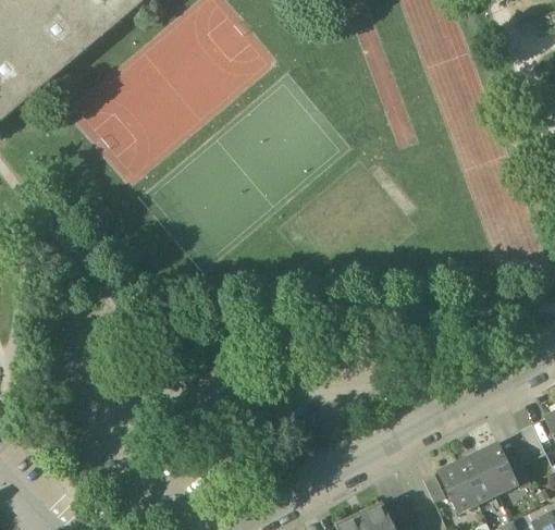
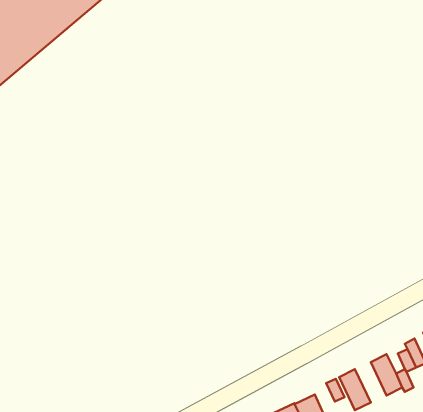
building: [455,453,494,503] -> none

